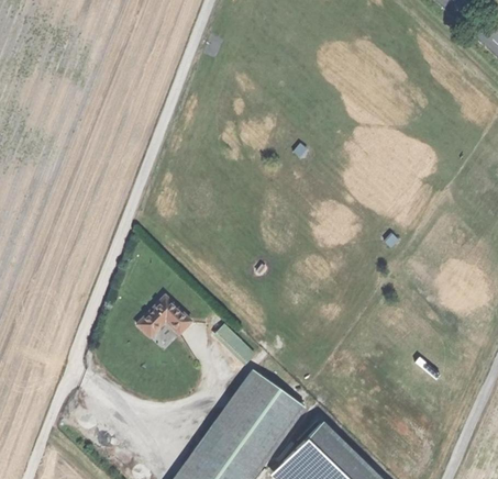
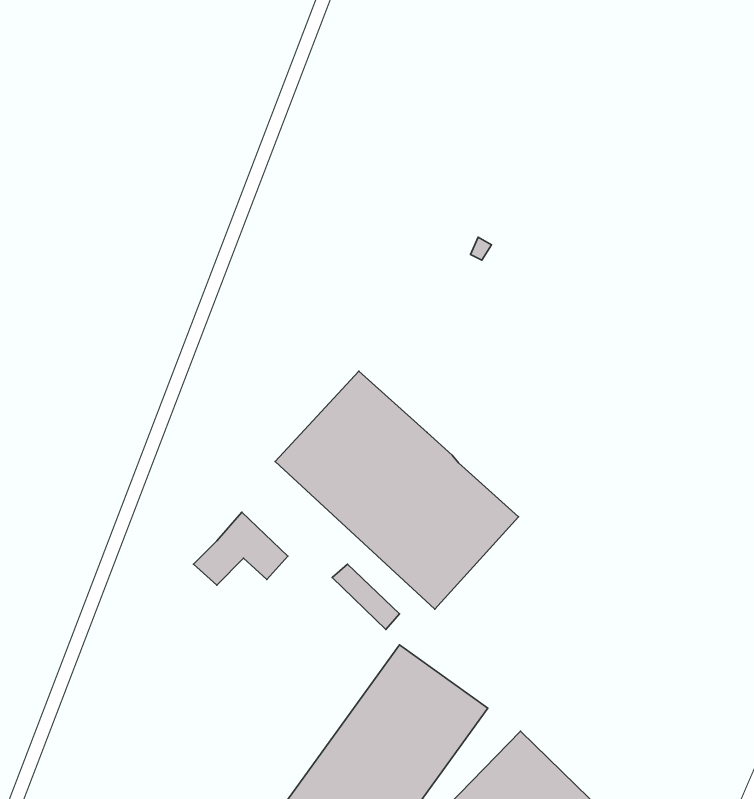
building: none -> [275,371,519,609]

